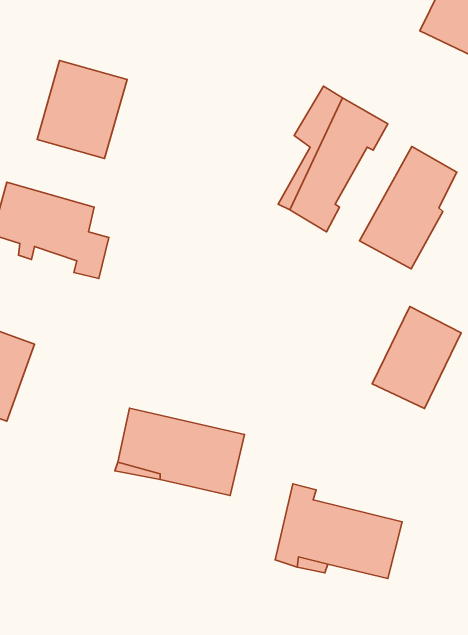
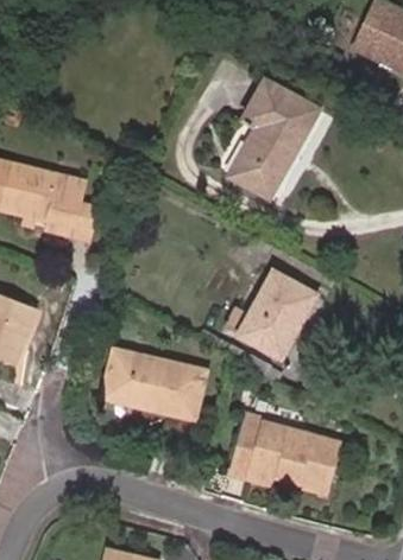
building: [37,60,127,158] -> none
building: [359,147,457,269] -> none
building: [372,307,461,409] -> [235,271,308,354]

